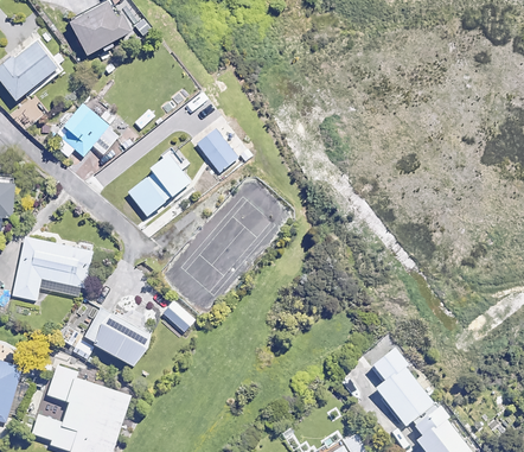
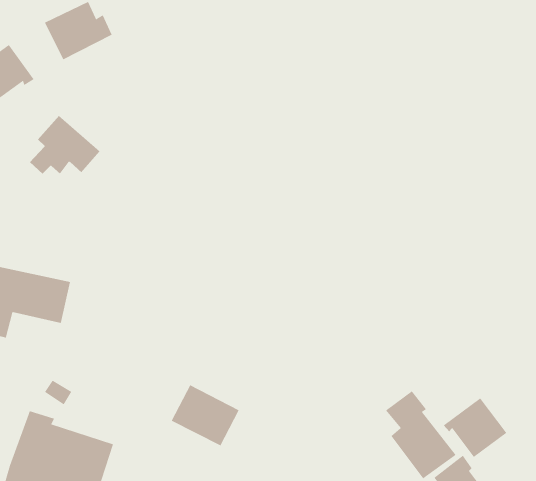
building: [196,128,237,172] -> none
building: [127,148,190,215] -> none
building: [90,311,151,365] -> [171,385,239,446]
building: none -> [443,397,507,458]

